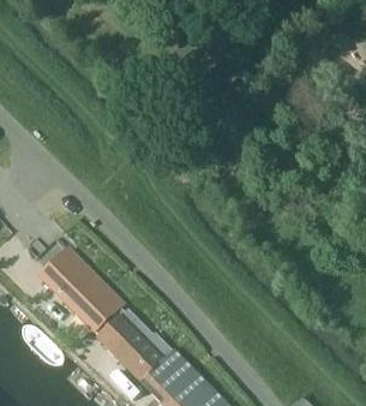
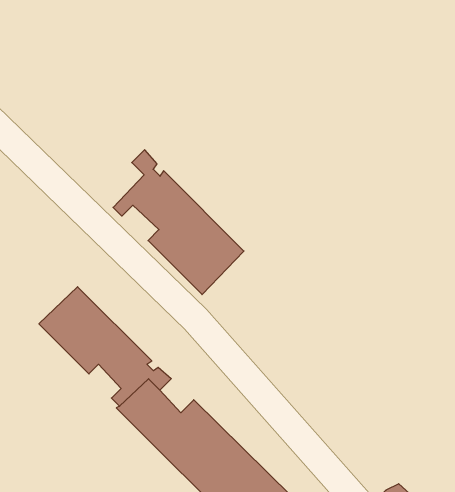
building: none -> [113,150,244,295]

